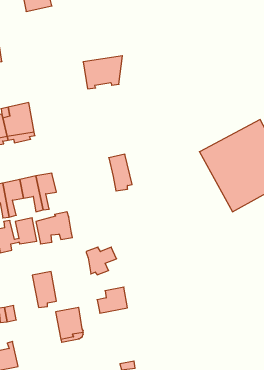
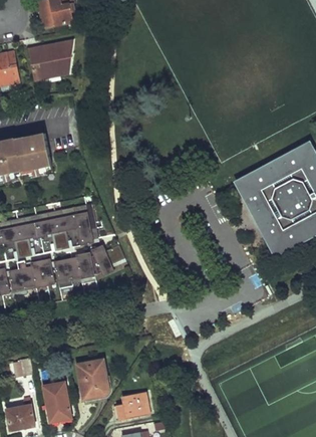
building: [83,56,122,89] -> [27,41,71,78]
building: [109,154,132,191] -> [73,204,99,245]
building: [86,247,117,275] -> [90,245,124,276]
building: [32,272,56,307] -> [43,381,70,421]
building: [97,287,127,313] -> [115,389,149,418]

